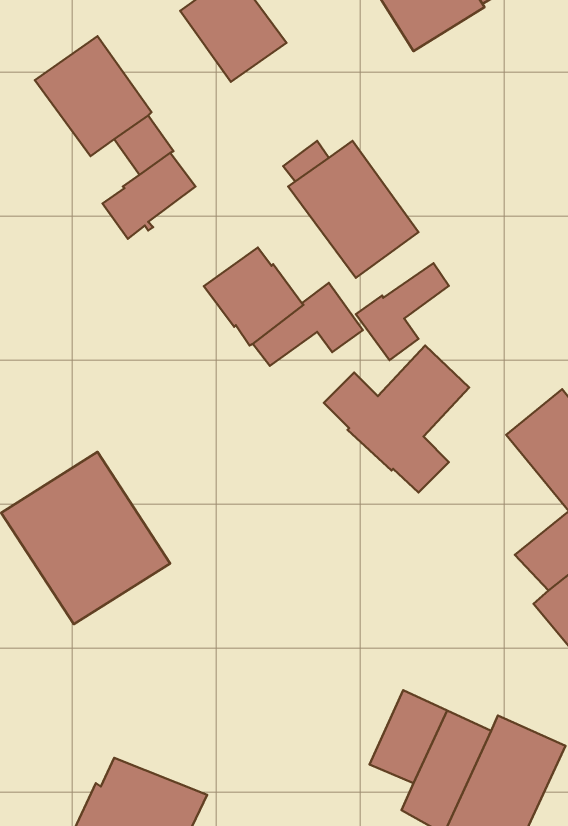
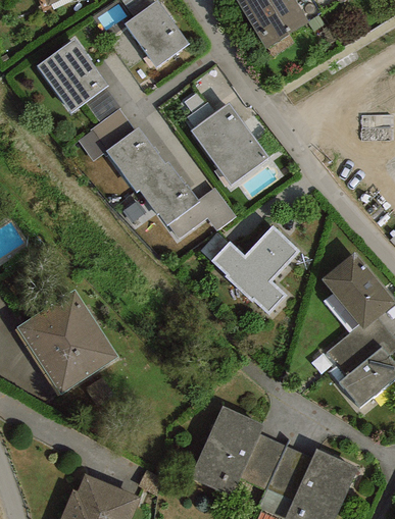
building: none -> [105,126,171,192]
building: [356,263,449,360] -> none
building: none -> [190,406,263,497]

